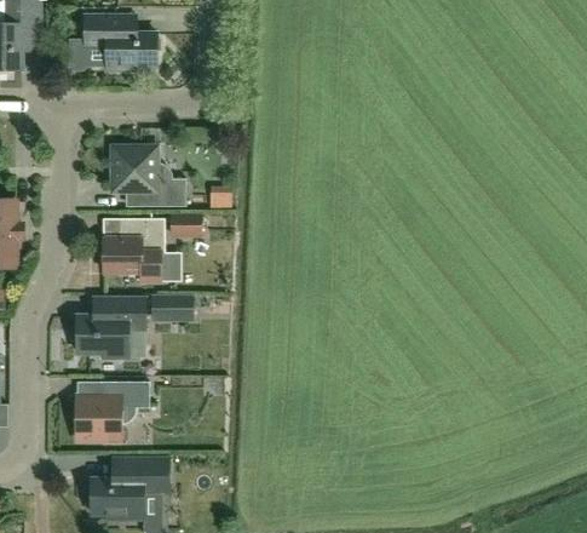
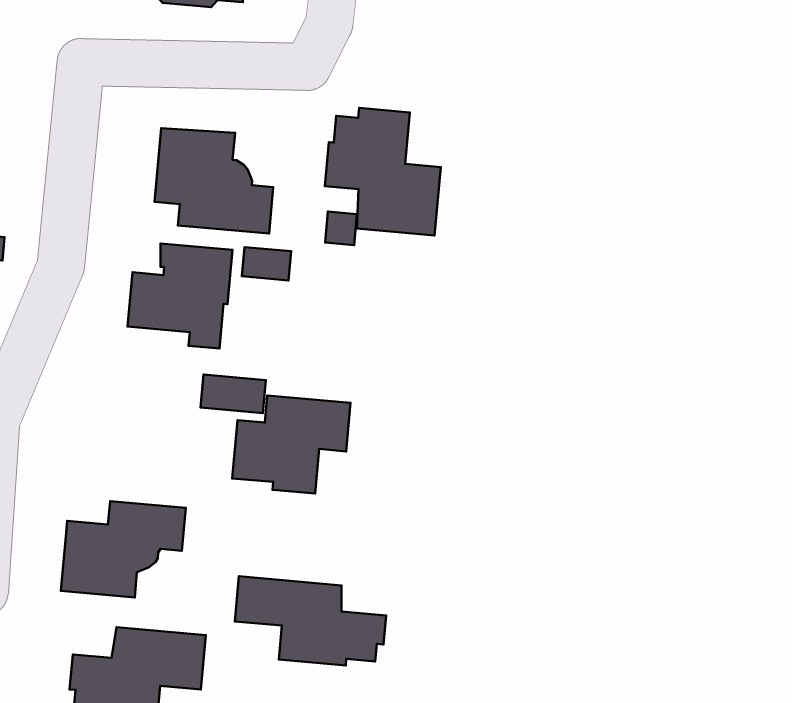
building: none -> [325,108,441,236]
building: [76,298,145,356] -> [232,395,351,494]
building: none -> [235,576,386,665]

